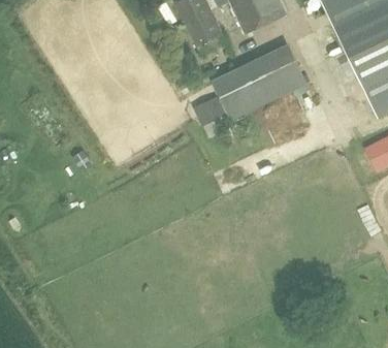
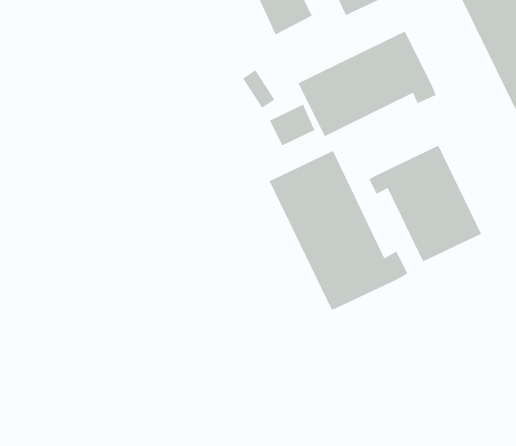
building: none -> [368,145,482,262]
building: none -> [269,150,408,311]

